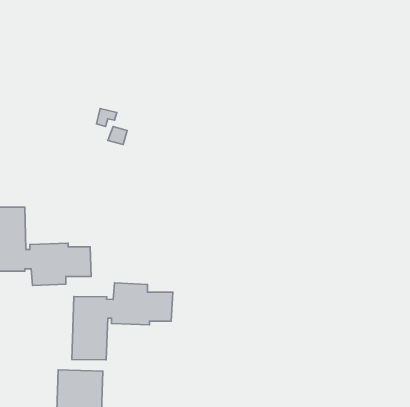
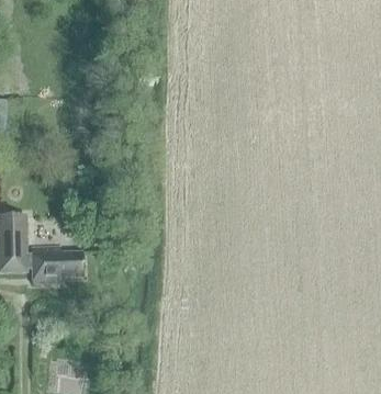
building: [72,283,173,360] -> none

